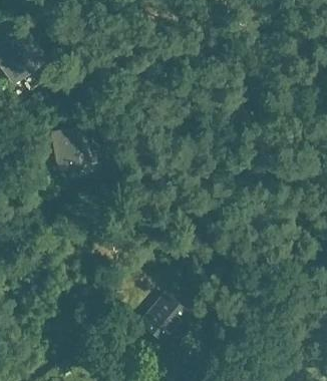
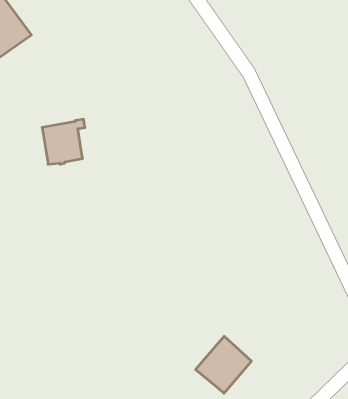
building: [141,293,189,341] -> [196,336,251,393]

